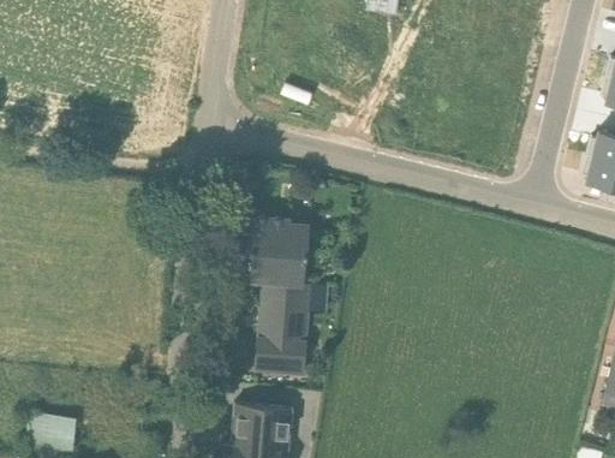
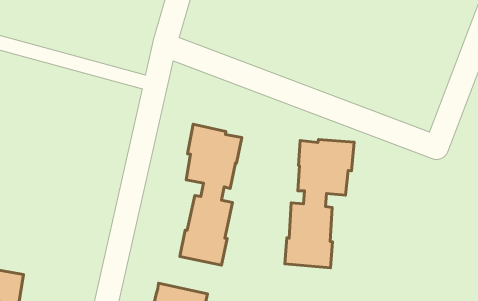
building: none -> [285,139,354,268]

